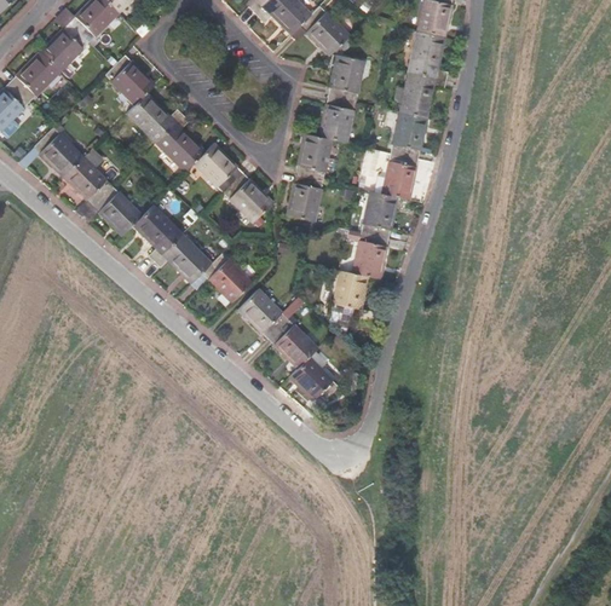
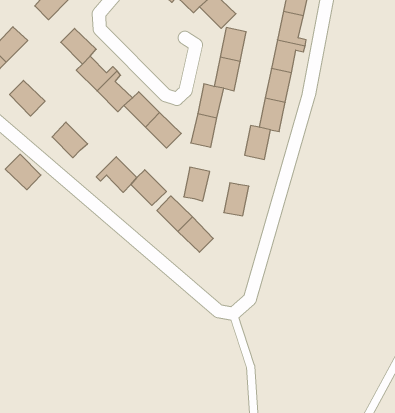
building: [39,23,88,71] -> none
building: [63,156,113,206] -> [5,154,41,190]
building: [133,204,183,261] -> none
building: [353,231,390,278] -> [184,167,210,201]
building: [290,356,340,405] -> none

